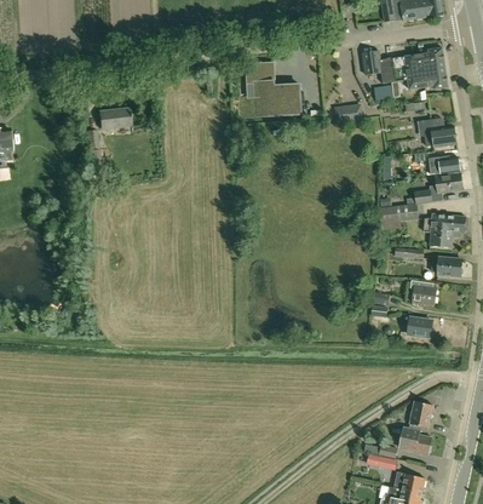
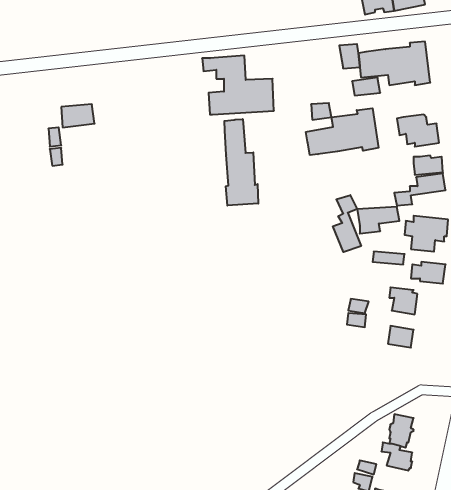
building: none -> [306,108,379,155]
building: none -> [224,119,258,206]
building: none -> [333,195,361,252]

